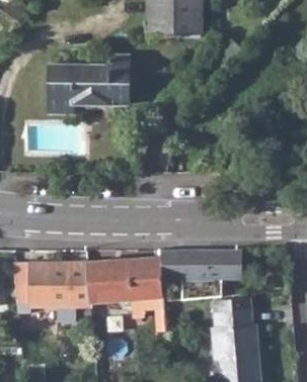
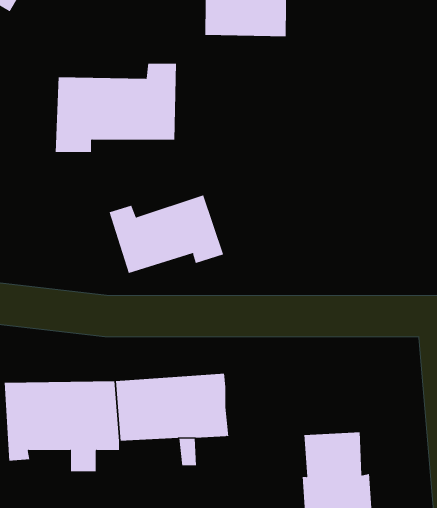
building: none -> [109,195,224,274]
building: [159,249,241,300] -> none

